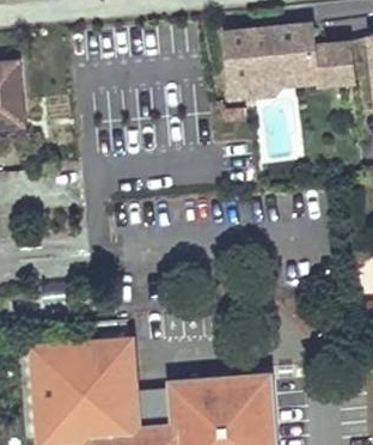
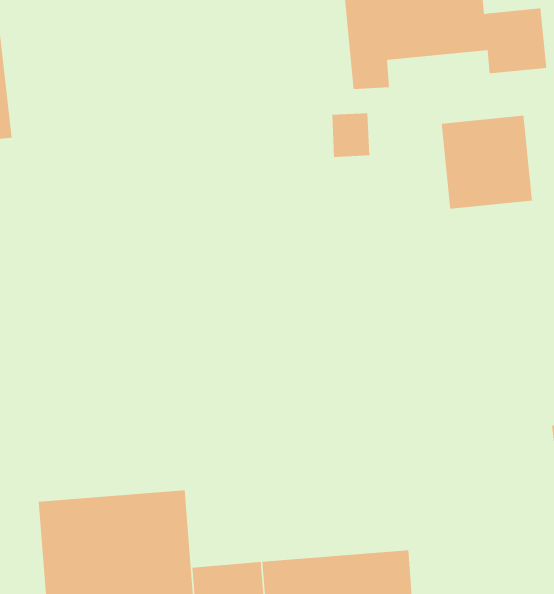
building: none -> [441,115,533,210]

